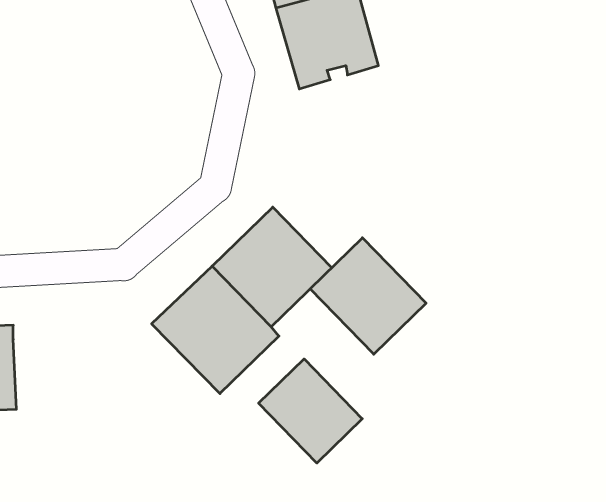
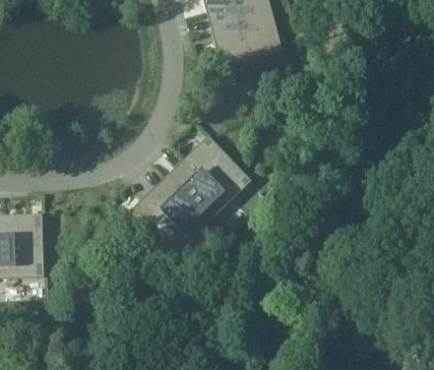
building: [310,238,426,354] -> none
building: [259,359,362,463] -> none

